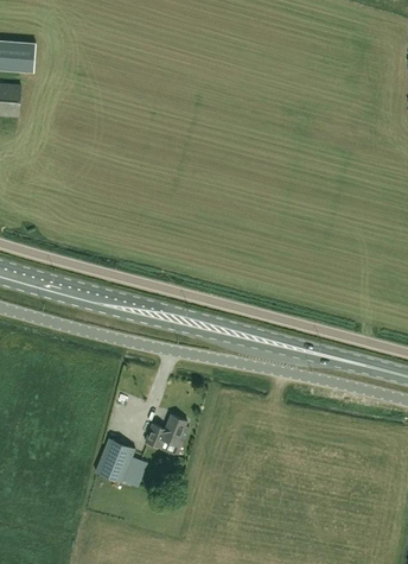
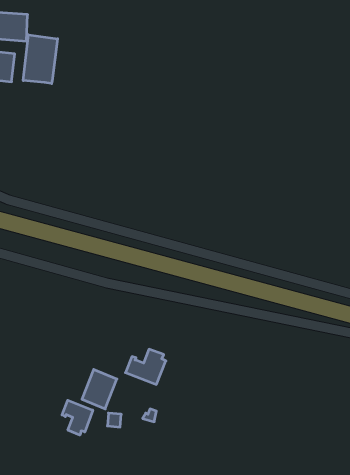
building: none -> [23,35,58,84]
building: none -> [62,400,93,435]

